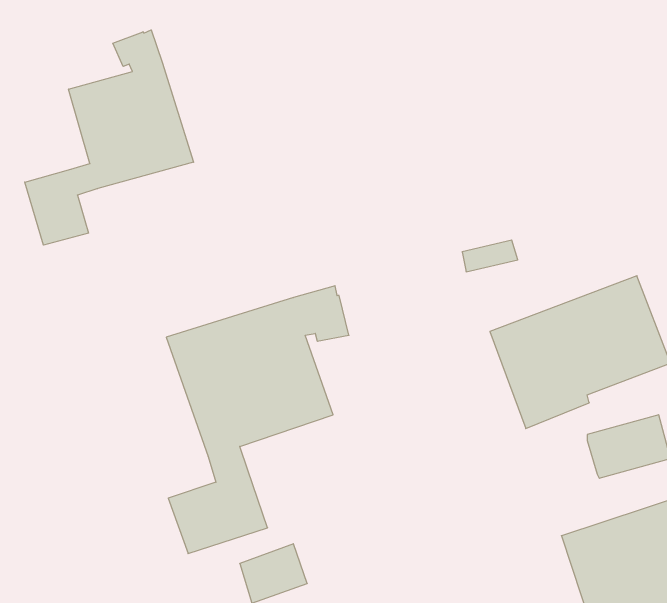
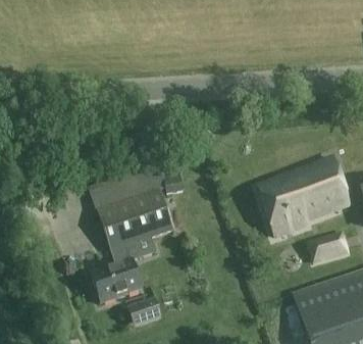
building: [25,30,194,245] -> none

